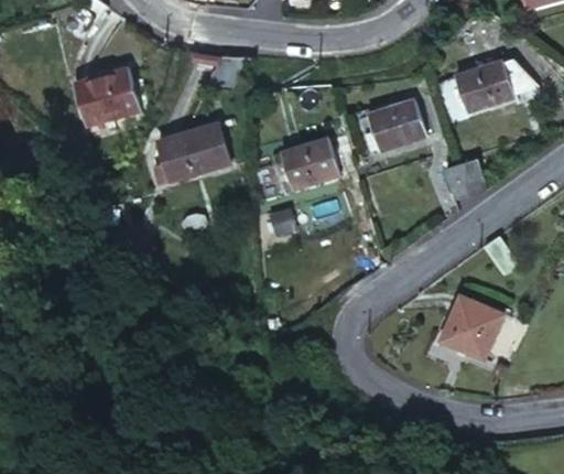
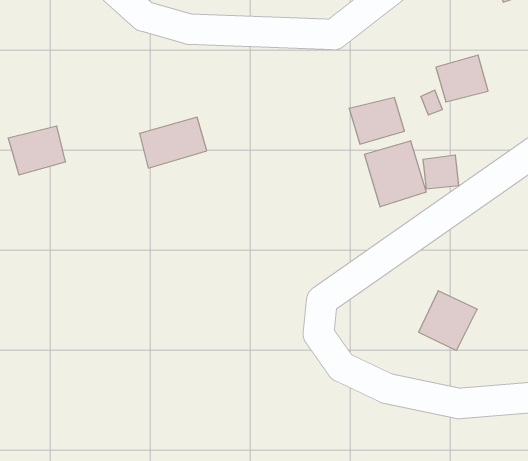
building: [76,71,134,120] -> [8,126,66,175]
building: [280,139,337,186] -> none
building: none -> [365,141,426,207]

